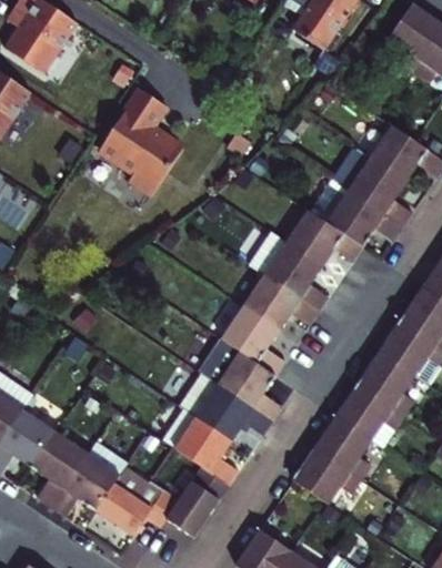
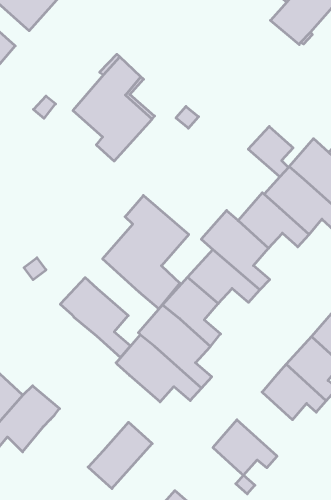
building: none -> [248,126,293,177]
building: none -> [103,195,189,309]
building: [159,407,238,485] -> [60,278,131,357]
building: [313,416,371,480] -> none
building: [96,469,179,536] -> none

